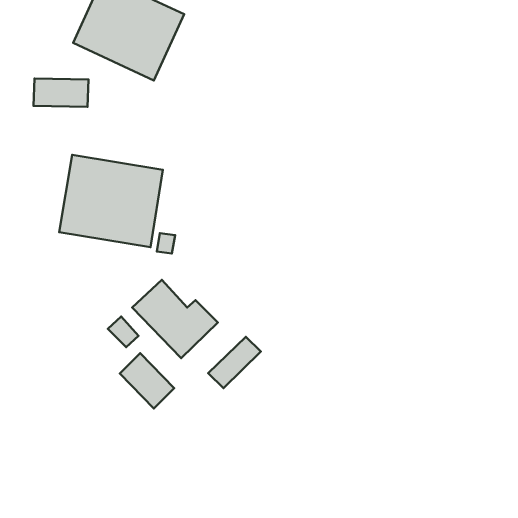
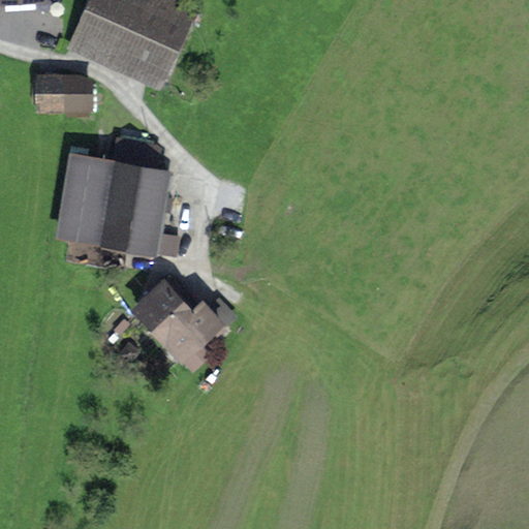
building: [208,337,261,388] -> none
building: [120,353,174,408] -> none

